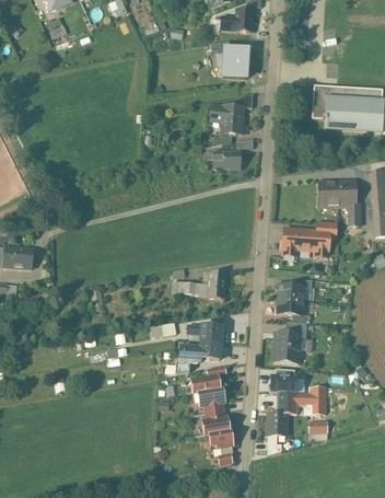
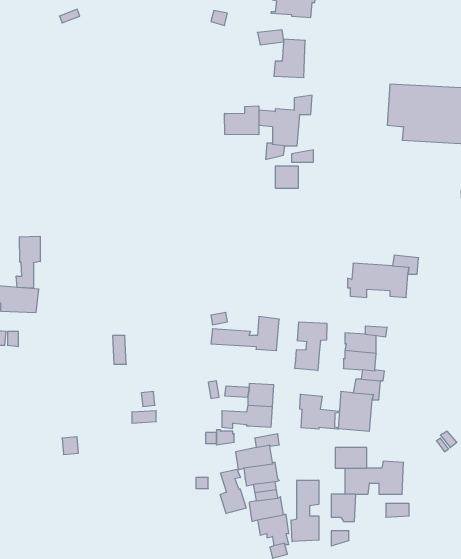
building: none -> [225,106,259,135]
building: [317,179,360,224] -> none
building: none -> [16,236,40,288]
building: none -> [295,322,327,371]
building: none -> [300,394,339,429]
building: none -> [220,469,246,514]
building: none -> [291,480,319,542]

